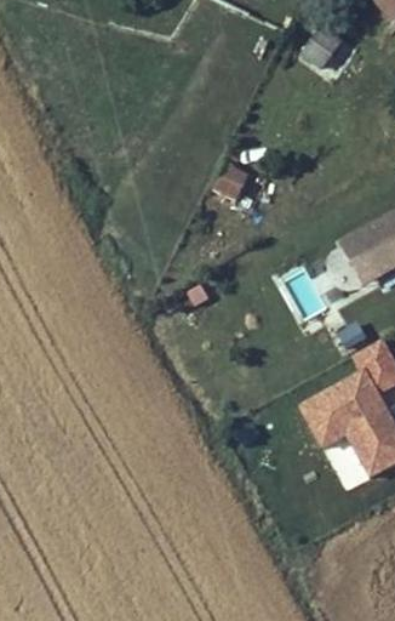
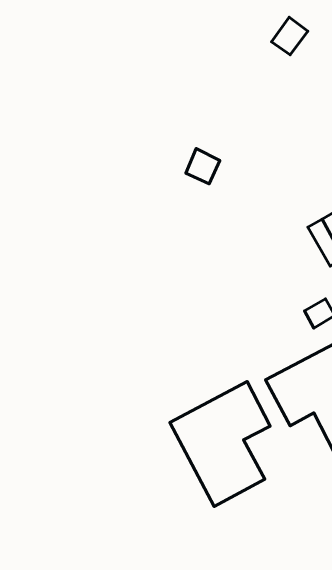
building: none -> [170,382,270,507]

